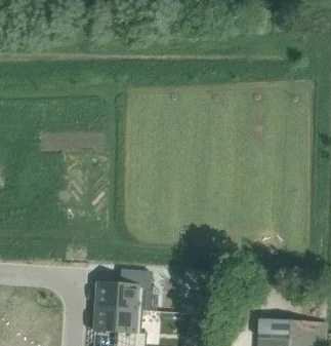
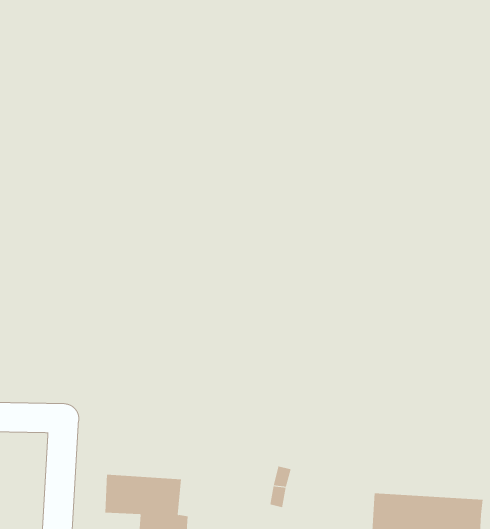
building: [95,269,150,309] -> none

